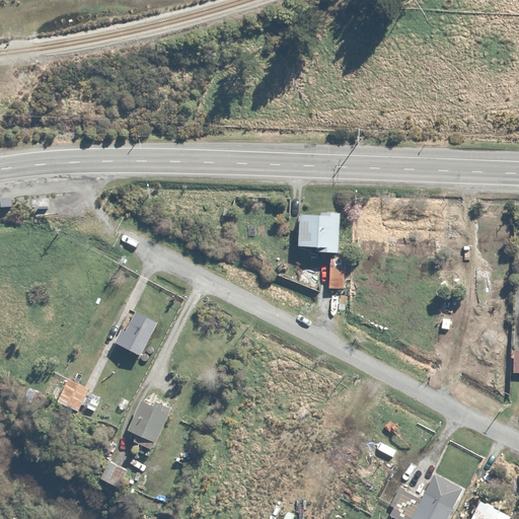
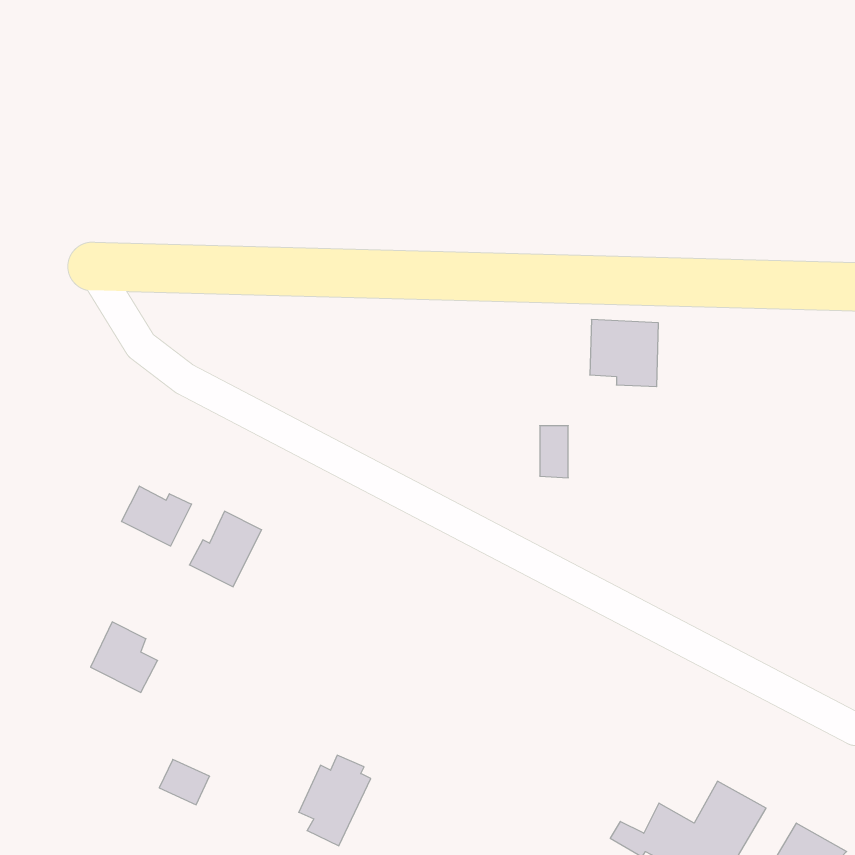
building: [296,215,338,255] -> [590,320,658,387]
building: none -> [122,486,192,546]
building: [128,394,171,449] -> [299,755,371,846]

